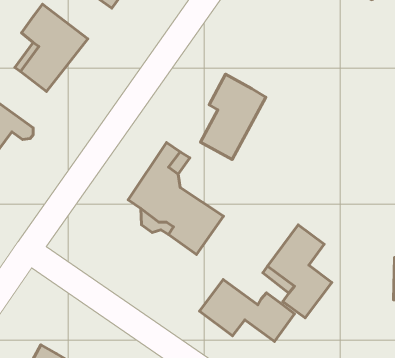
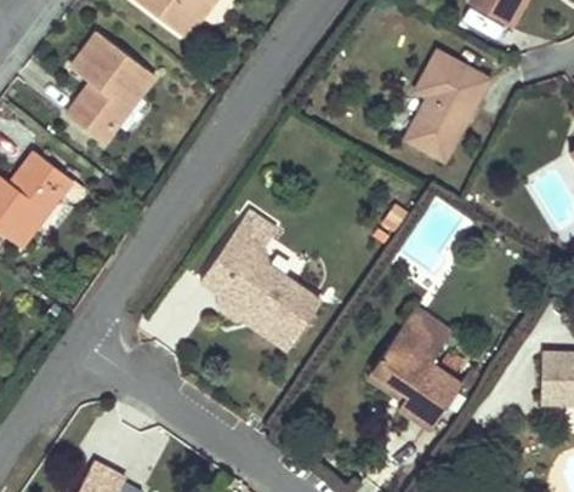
building: [201,74,266,160] -> [404,50,487,158]
building: [200,279,295,342] -> none

